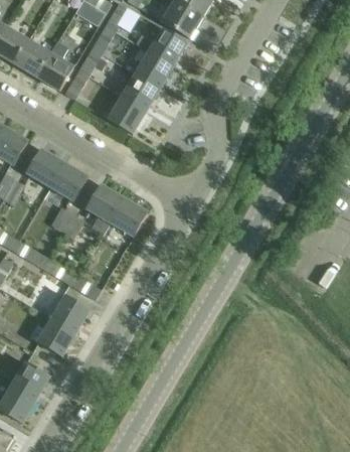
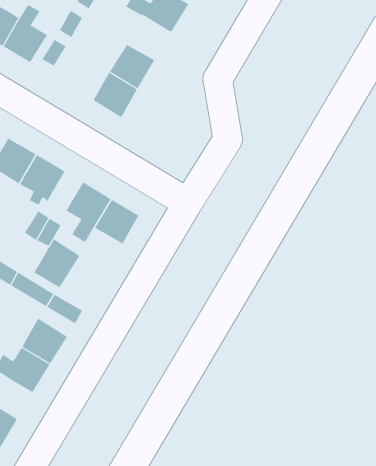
building: [136,51,172,88] -> none
building: none -> [33,239,80,288]

